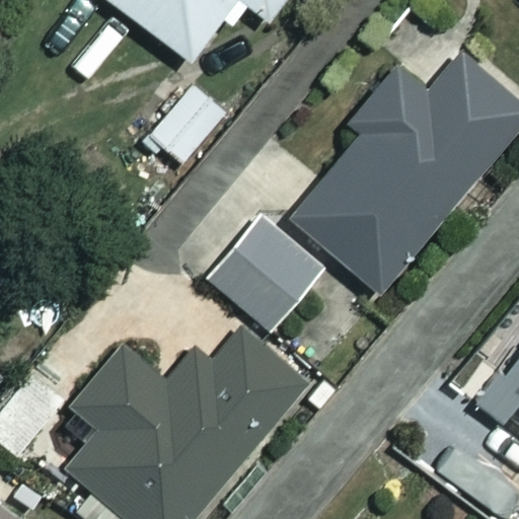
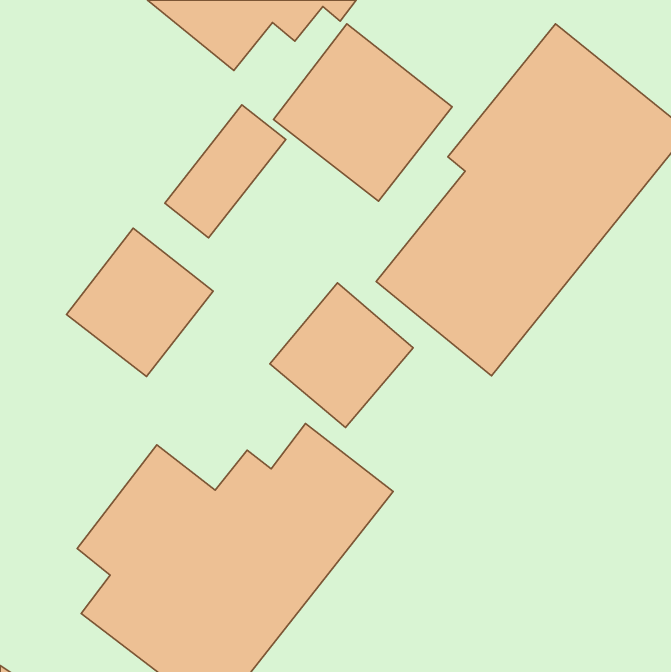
building: none -> [273,24,452,201]
building: none -> [66,228,213,376]

